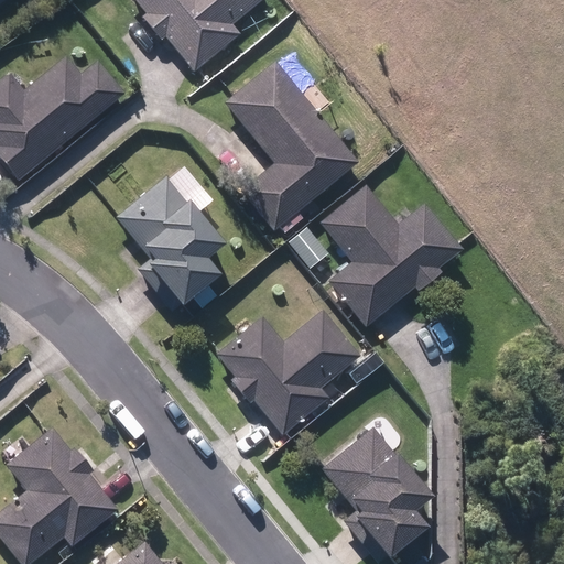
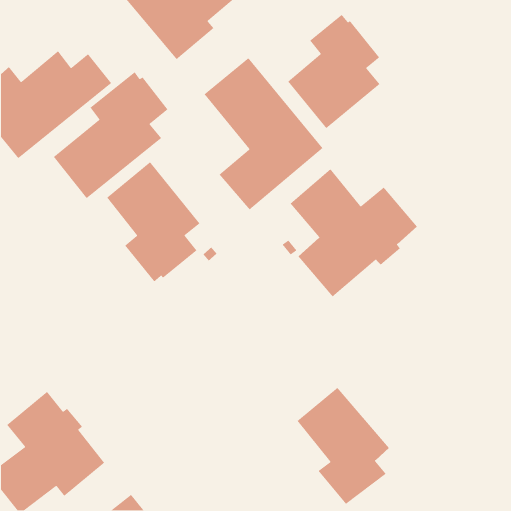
building: none -> [287,14,380,129]
building: none -> [53,71,169,199]
building: [217,310,384,434] -> none

